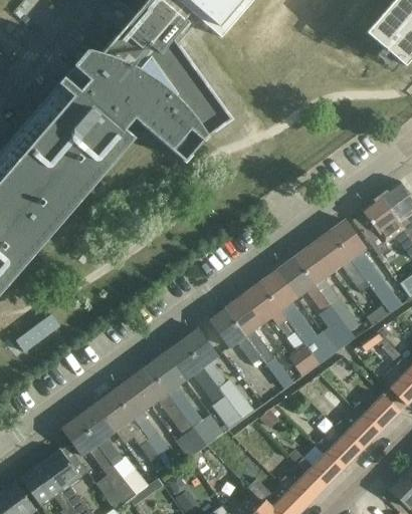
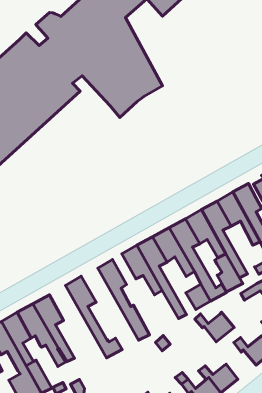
building: [164,340,240,426] -> none
building: [130,365,205,445] -> none
building: [334,415,381,450] -> [195,312,234,342]

